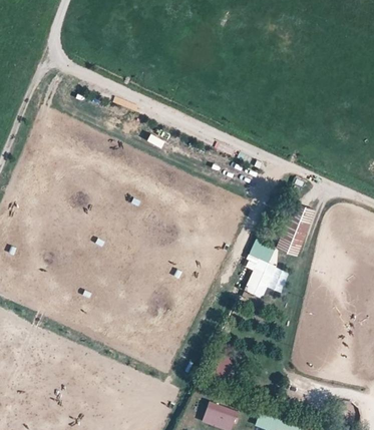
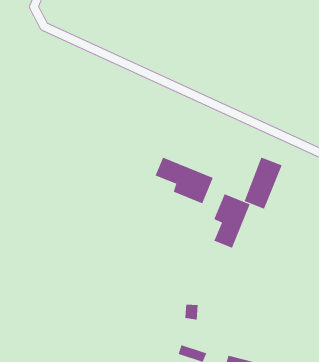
building: none -> [155,157,214,204]

